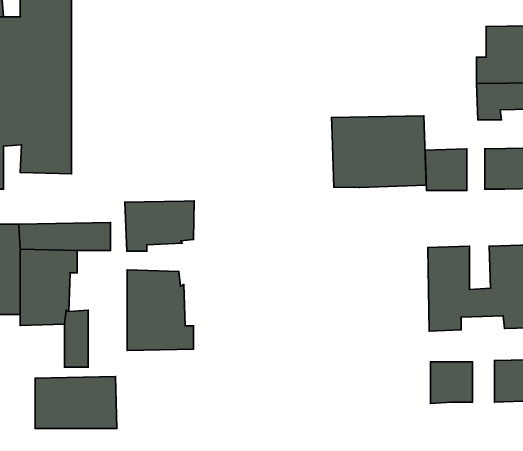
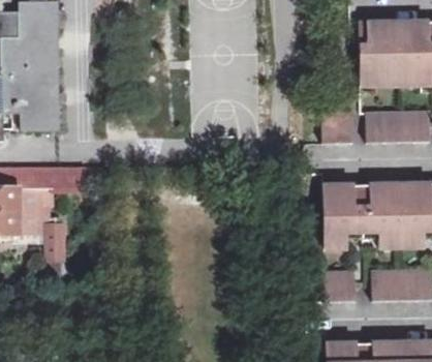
building: [331,116,426,188] -> none
building: [125,201,194,251] -> none
building: [127,270,193,351] -> none
building: [35,377,117,429] -> none

